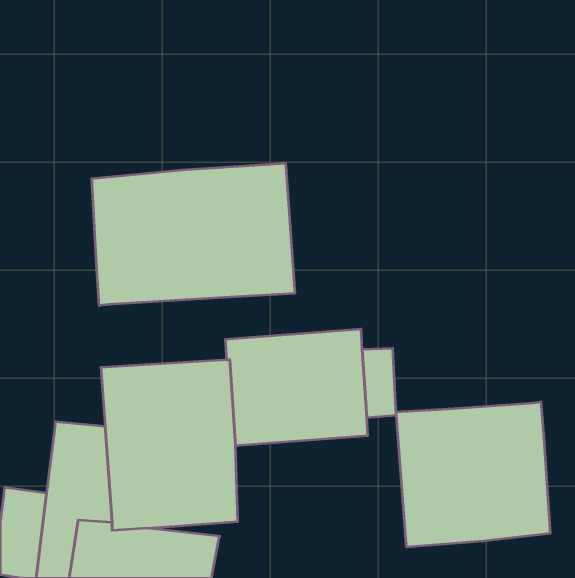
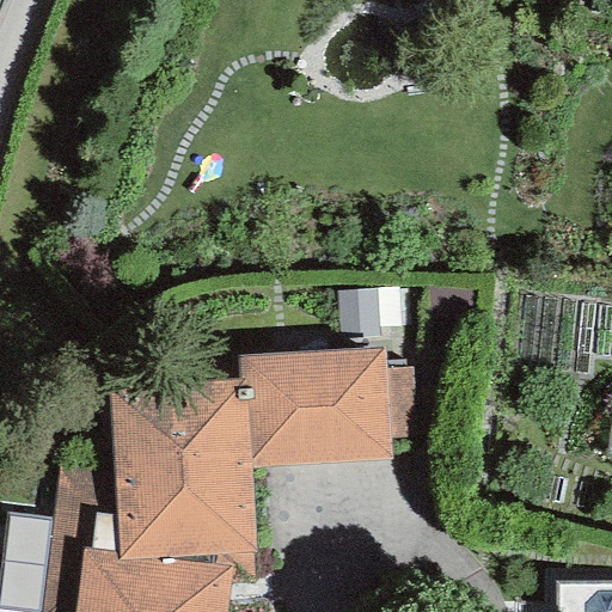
building: [92,163,295,306] -> none
building: [396,402,550,547] -> none

